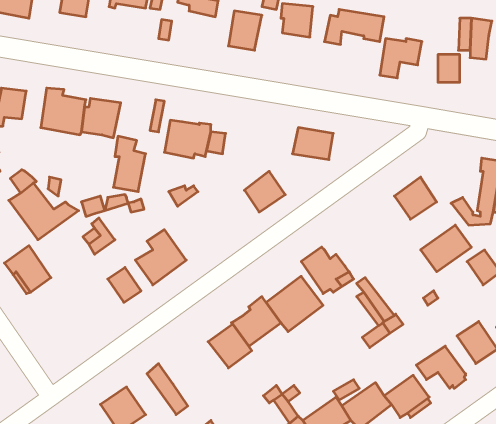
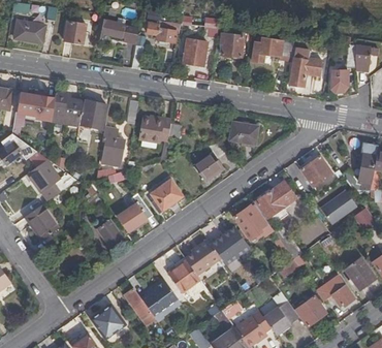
building: none -> [152,180,183,213]
building: none -> [254,182,295,222]
building: none -> [145,282,180,322]

